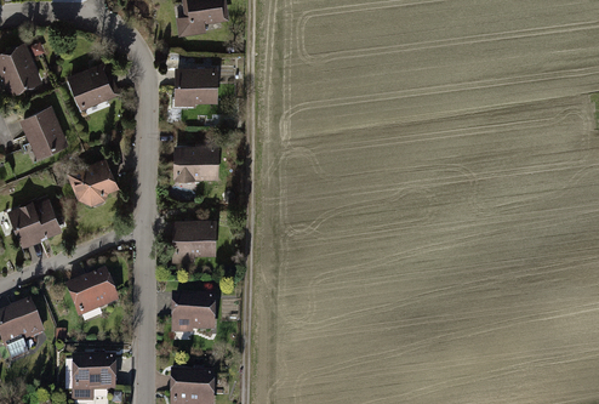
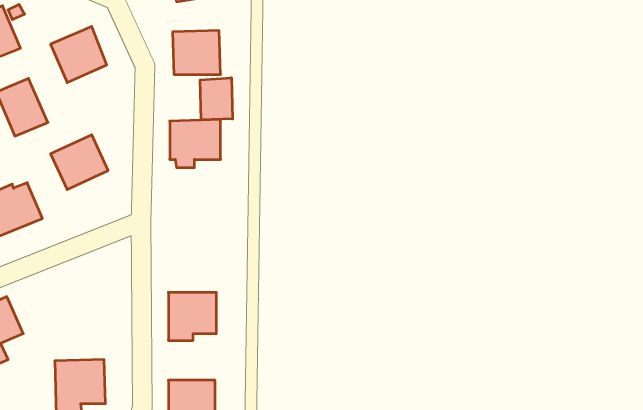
building: none -> [200,78,233,120]
building: [171,218,215,262] -> none
building: [65,271,118,319] -> none

